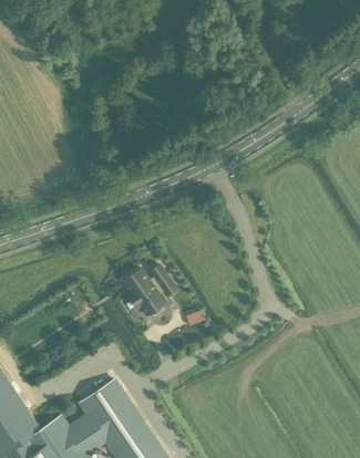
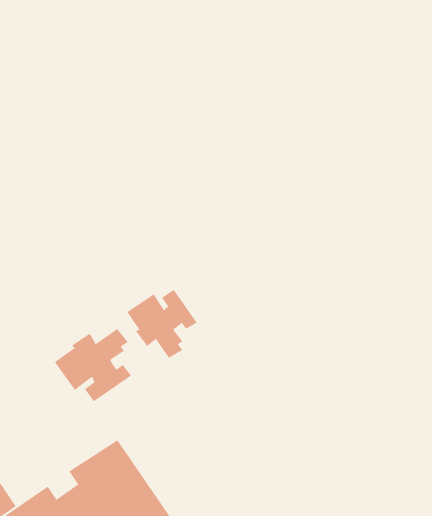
building: none -> [54,328,132,402]

